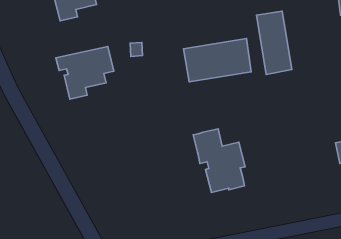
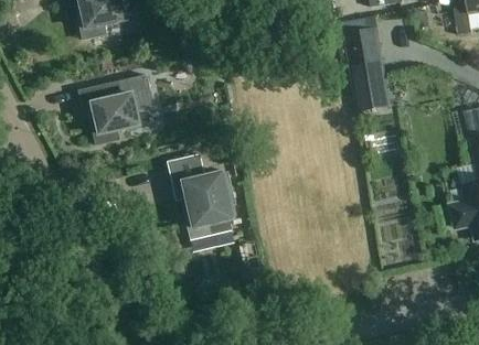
building: [183,38,251,82] -> none
building: [193,129,245,192] -> [166,153,235,238]

